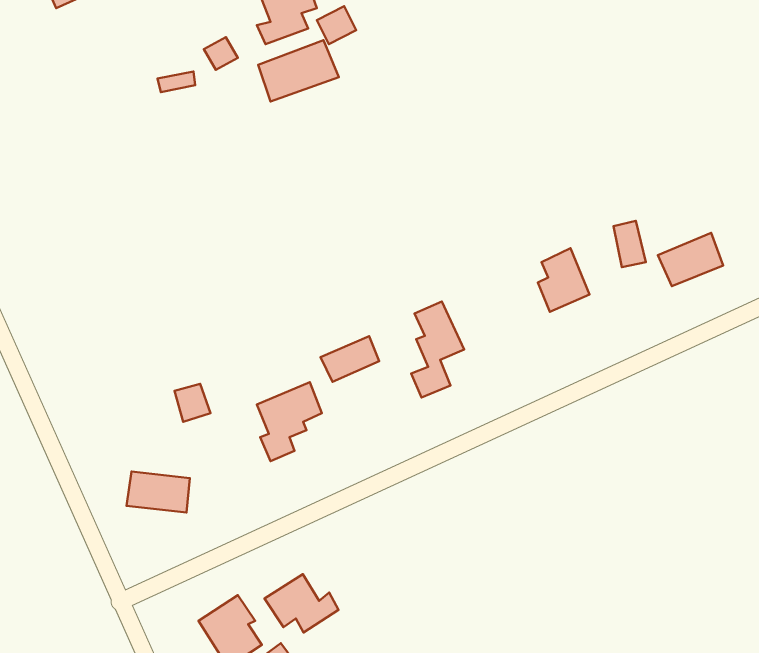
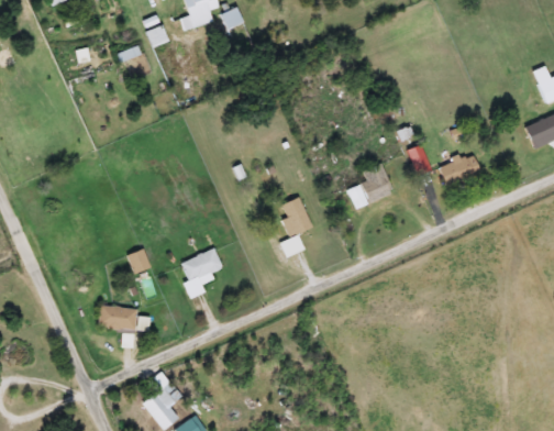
building: [258,40,339,102] -> none
building: [320,336,379,382] -> none
building: [264,574,338,633] -> none

